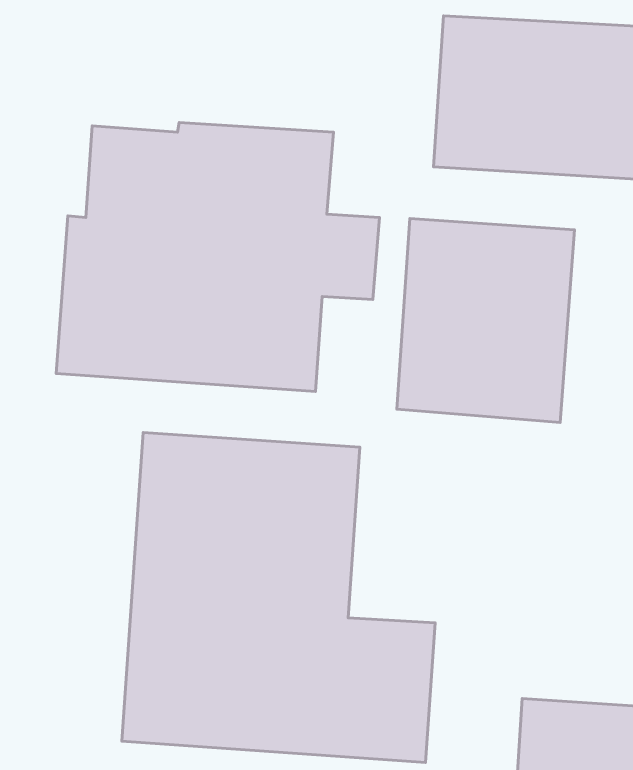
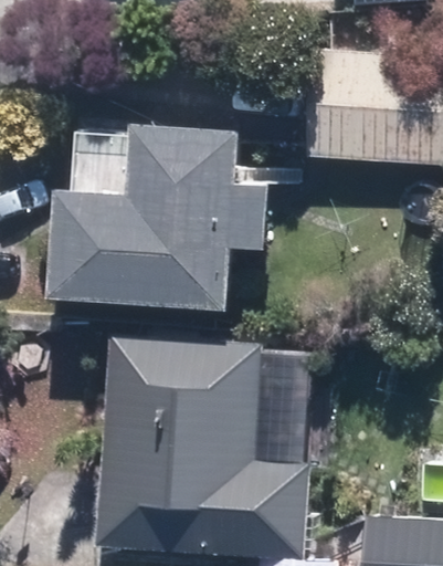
building: [397,218,574,422] -> none

